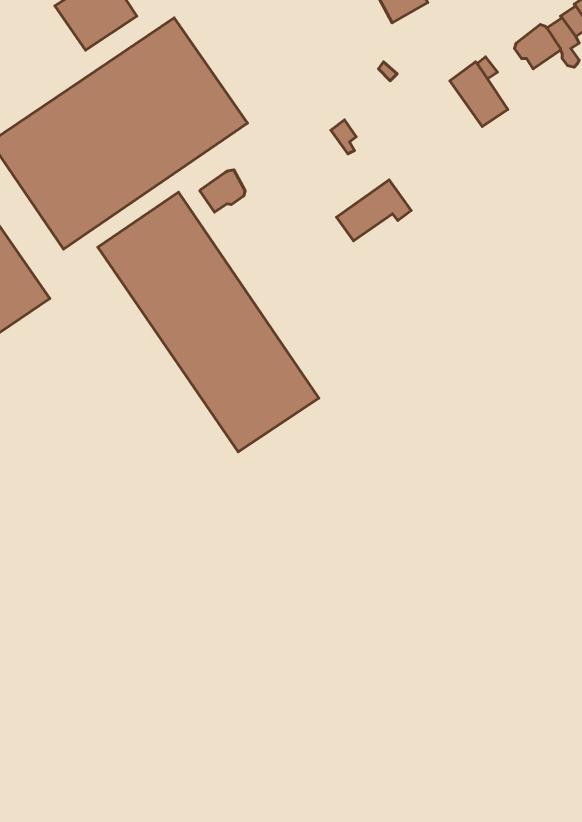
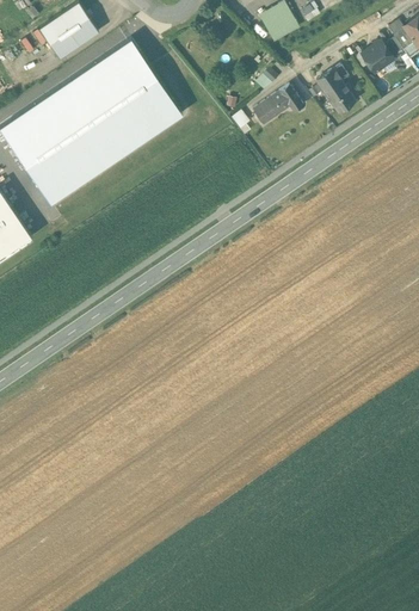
building: [200,170,245,212] -> none
building: [336,180,411,241] -> [253,84,306,126]
building: [98,192,319,452] -> none

